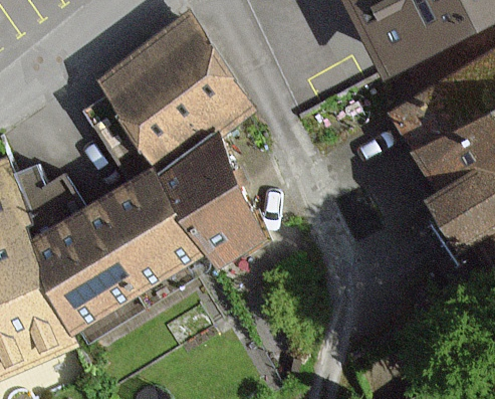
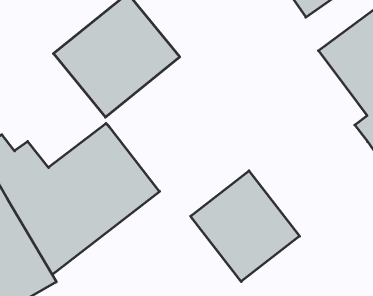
building: [156,139,259,268] -> none
building: none -> [191,171,300,282]

